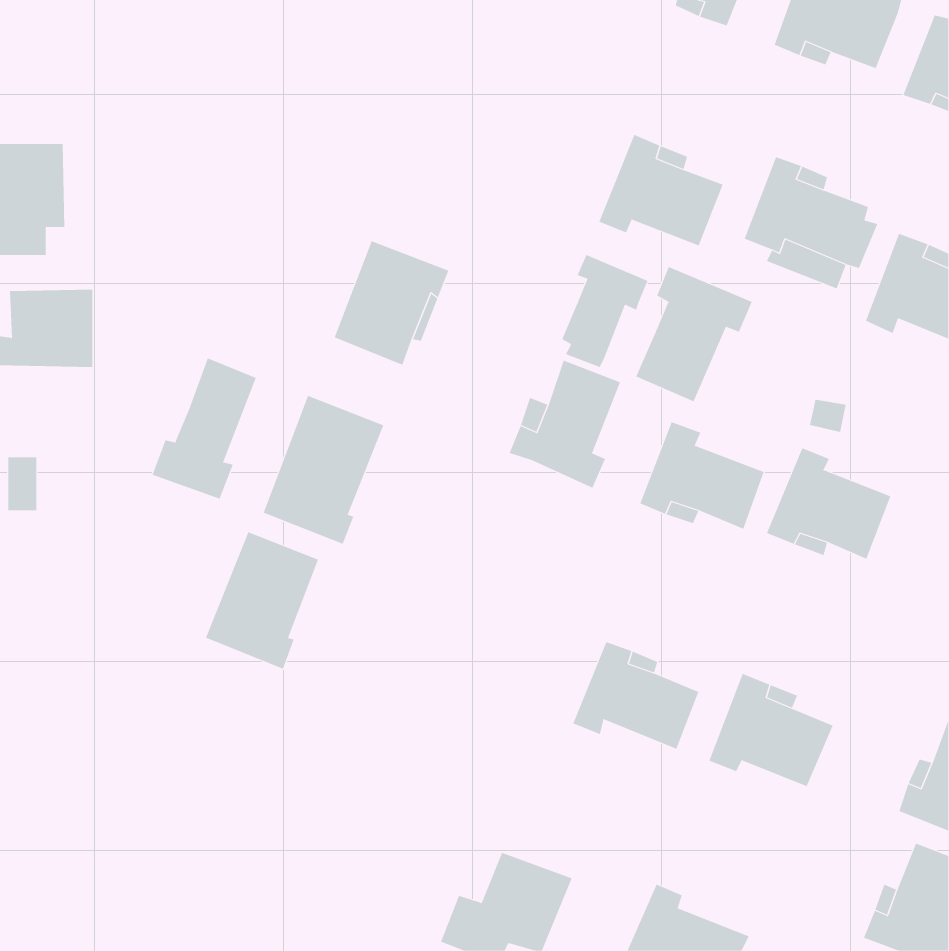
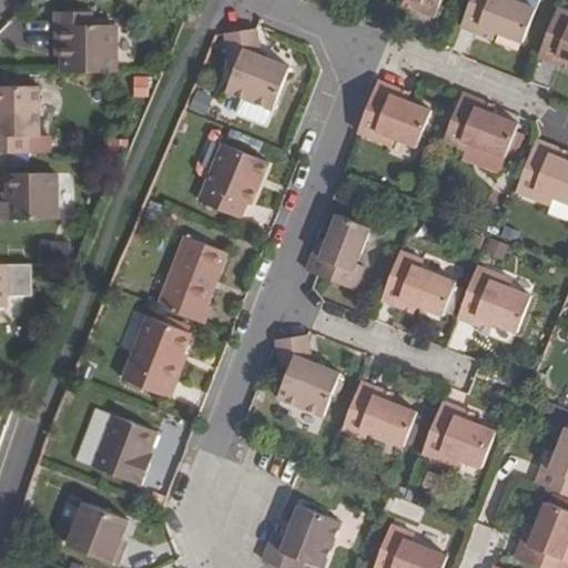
building: none -> [52,11,115,72]
building: none -> [223,28,288,110]
building: [561,254,648,368] -> none
building: [636,266,752,402] -> none
building: [152,357,257,500] -> none
building: none -> [276,335,339,416]
building: none -> [91,415,155,486]
building: none -> [69,497,130,559]

